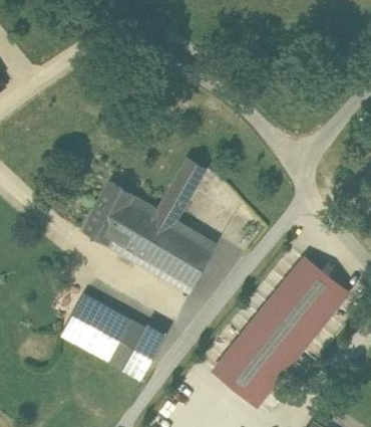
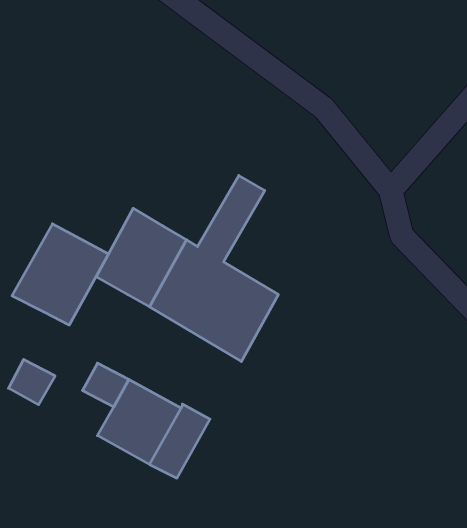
building: none -> [12,224,108,325]
building: [216,260,344,402] -> none
building: [61,314,95,348] -> [8,359,55,405]

